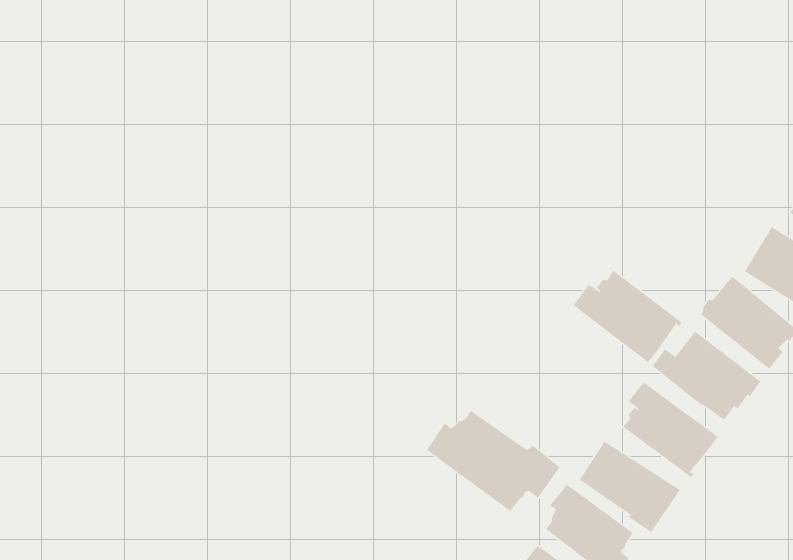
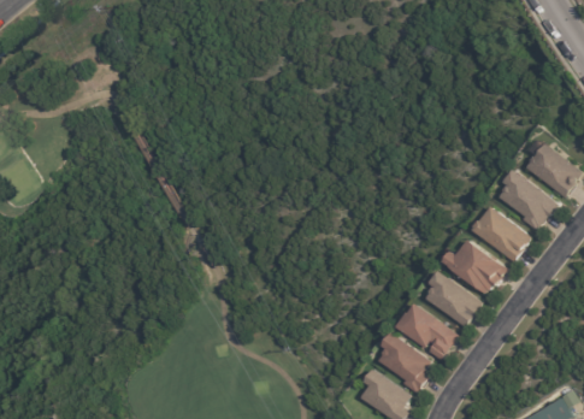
building: [573,269,682,363] -> none
building: [426,410,560,512] -> none

